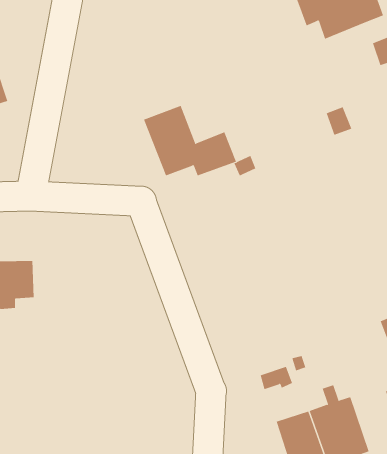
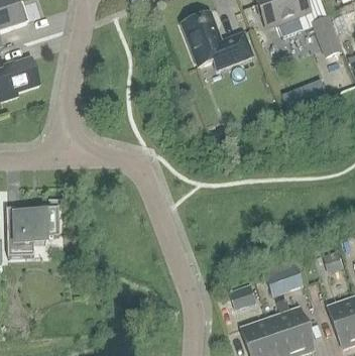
building: [143,105,237,176] -> [180,11,251,66]
building: none -> [267,267,305,296]

